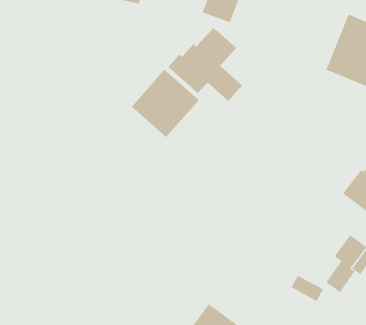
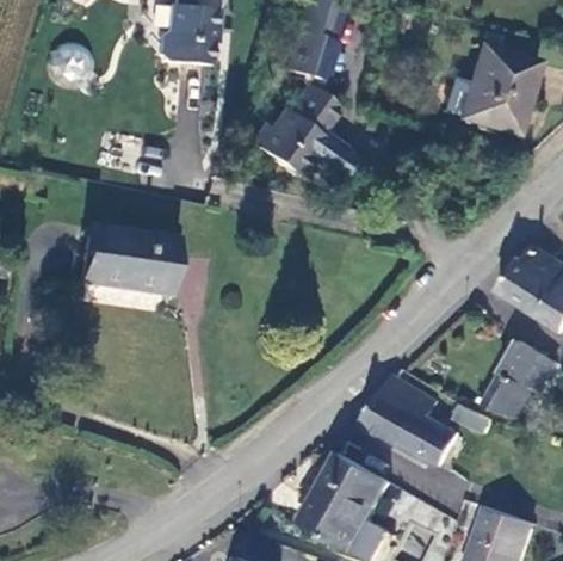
building: [131,69,200,138] -> none
building: none -> [78,224,172,292]
building: none -> [364,377,457,466]

